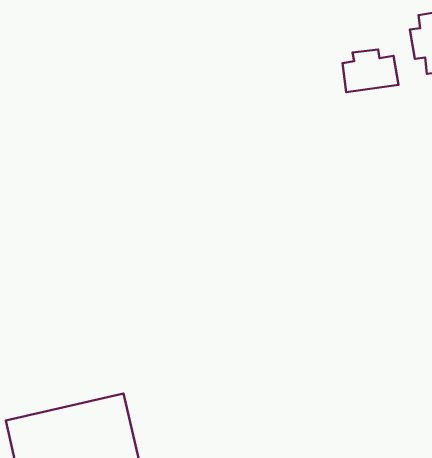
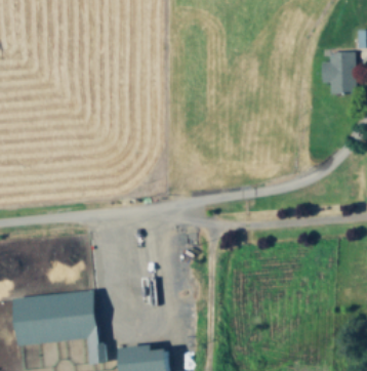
building: [343,49,398,92] -> none

